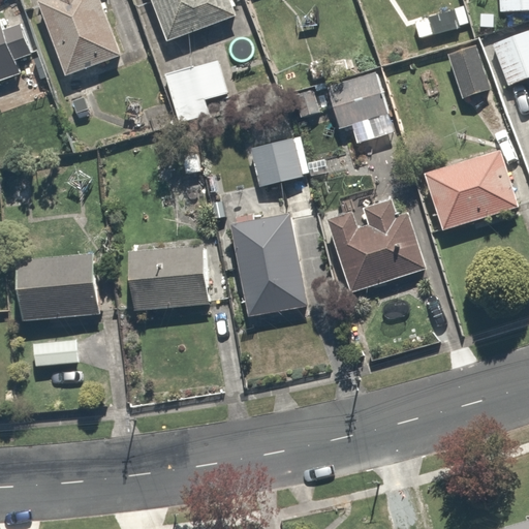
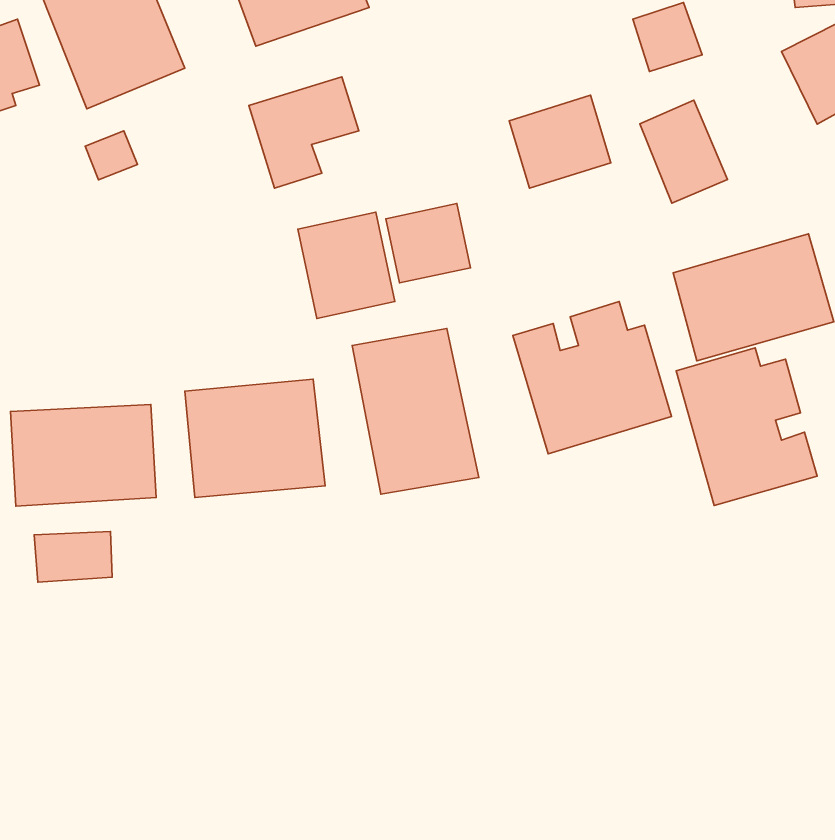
building: [444,36,498,99] -> [640,100,728,203]
building: none -> [298,212,395,318]
building: none -> [676,348,817,506]

